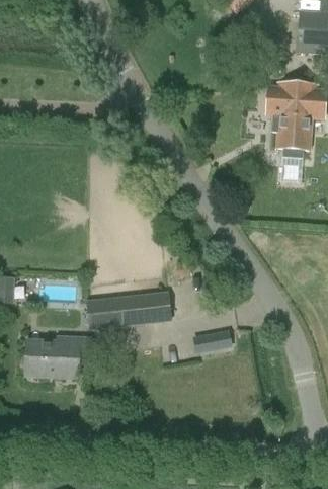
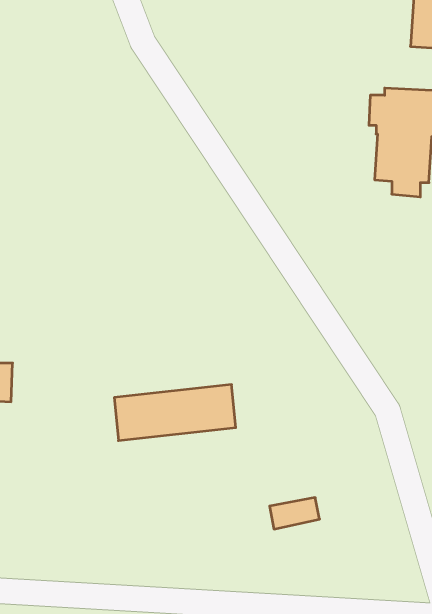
building: [194,332,230,354] -> [270,498,320,529]
building: [25,335,89,376] -> none

